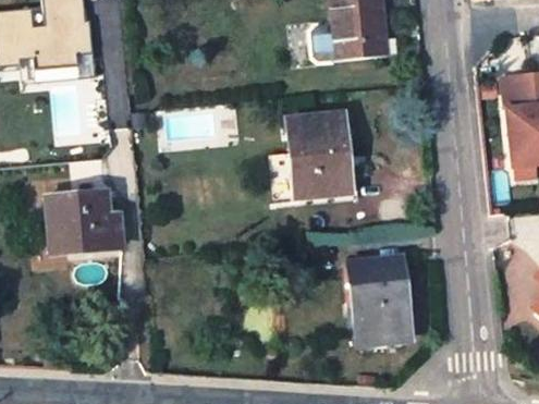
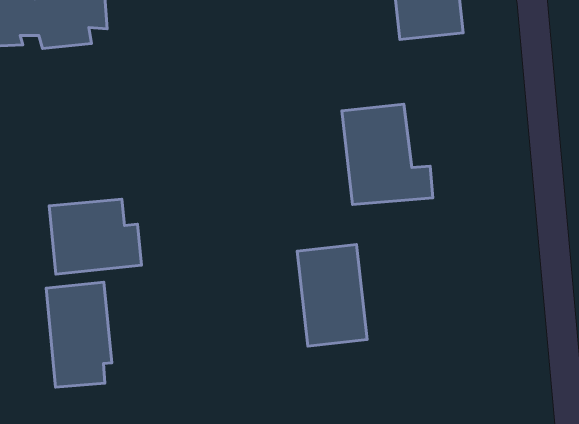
building: none -> [46,282,112,387]
building: [350,261,407,345] -> [297,244,367,346]

